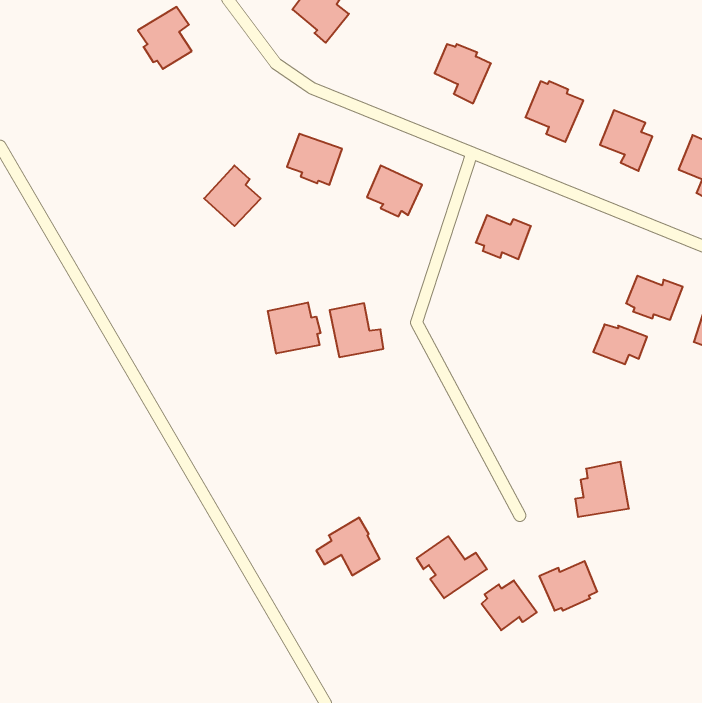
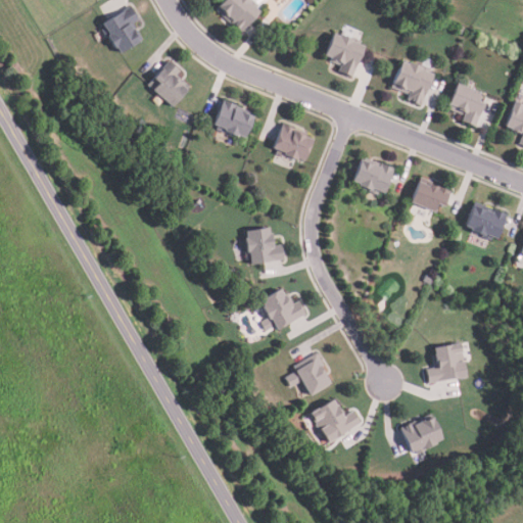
building: [204,165,261,226] -> [149,60,191,105]
building: [268,302,321,354] -> none
building: [593,324,647,364] -> [412,181,451,210]
building: none -> [260,286,308,330]
building: [316,518,380,575] -> [286,352,333,395]
building: [482,580,537,630] -> none

